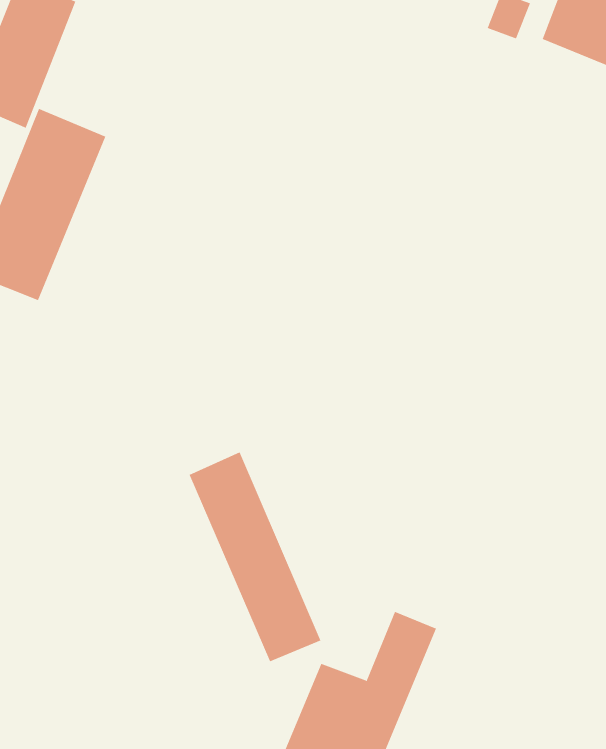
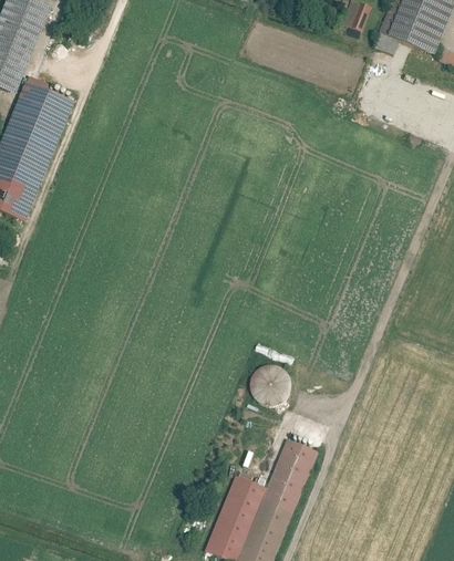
building: [189,451,321,662] -> none
building: none -> [244,363,283,402]

